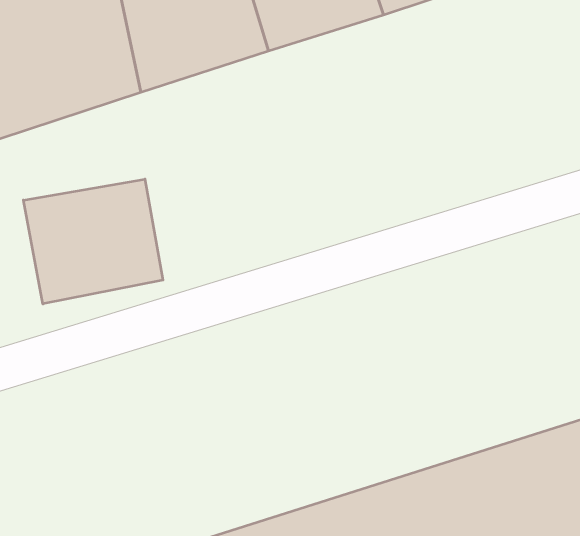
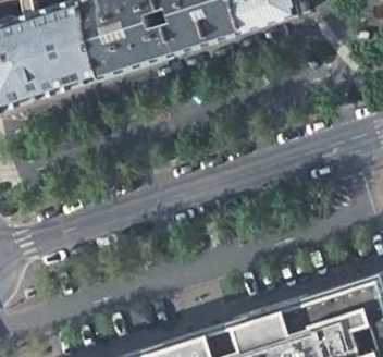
building: [23,179,163,304] -> none

